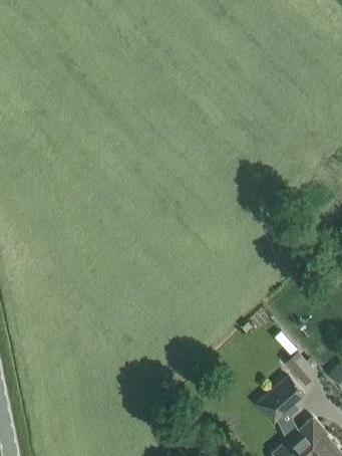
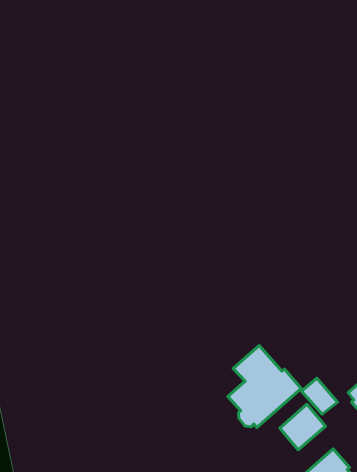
building: none -> [228,345,301,428]

